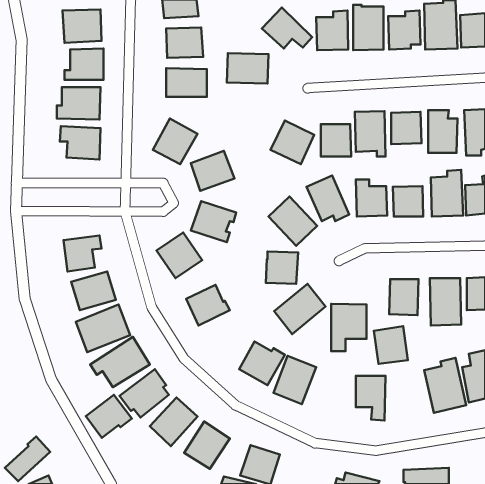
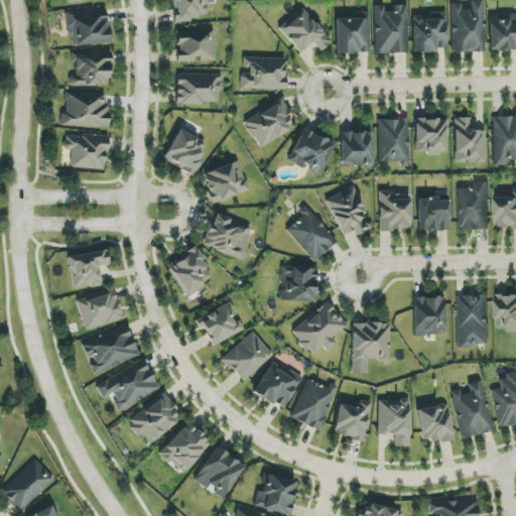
building: none -> [243,99,293,147]
building: none -> [222,332,272,381]
building: [374,326,408,364] -> [416,402,453,442]
building: none -> [333,399,371,440]
building: [86,395,132,438] -> none

